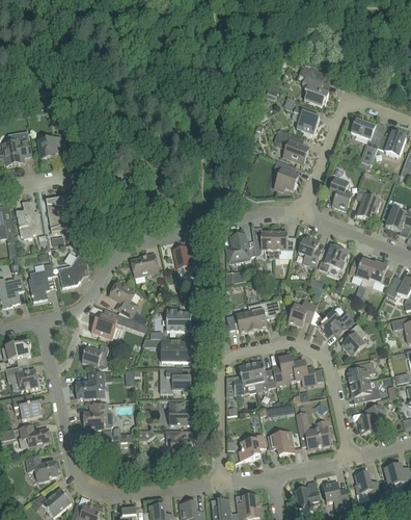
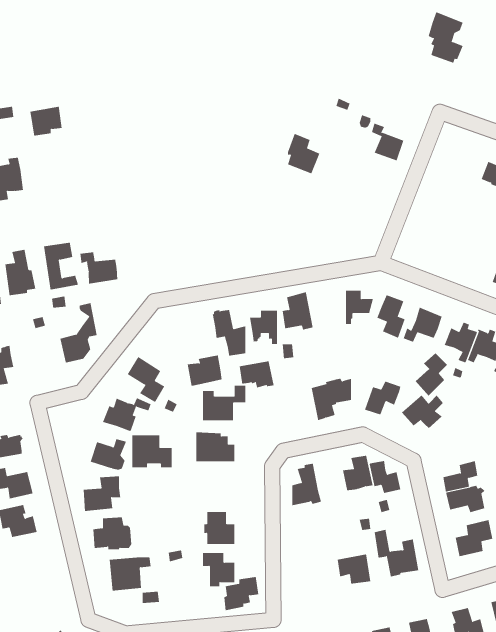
building: [302,66,329,105] -> [428,11,463,64]
building: [350,116,382,168] -> none
building: [283,131,308,162] -> [287,133,320,174]
building: [37,135,62,158] -> [29,106,62,136]
building: [274,159,298,190] -> none
building: [329,175,352,209] -> none
building: [355,186,380,219] -> none
building: none -> [80,251,118,284]
building: [252,231,274,257] -> [249,310,278,345]
building: [131,252,158,276] -> [187,355,223,386]
building: [28,263,53,300] -> none
building: [226,305,253,332] -> [239,353,274,388]
building: [341,322,366,356] -> [415,352,448,396]
building: [250,360,276,388] -> none
building: [160,367,191,392] -> [131,435,173,468]
building: [19,423,51,448] -> none
building: [239,434,266,460] -> [223,577,259,611]
building: [25,456,58,480] -> none

